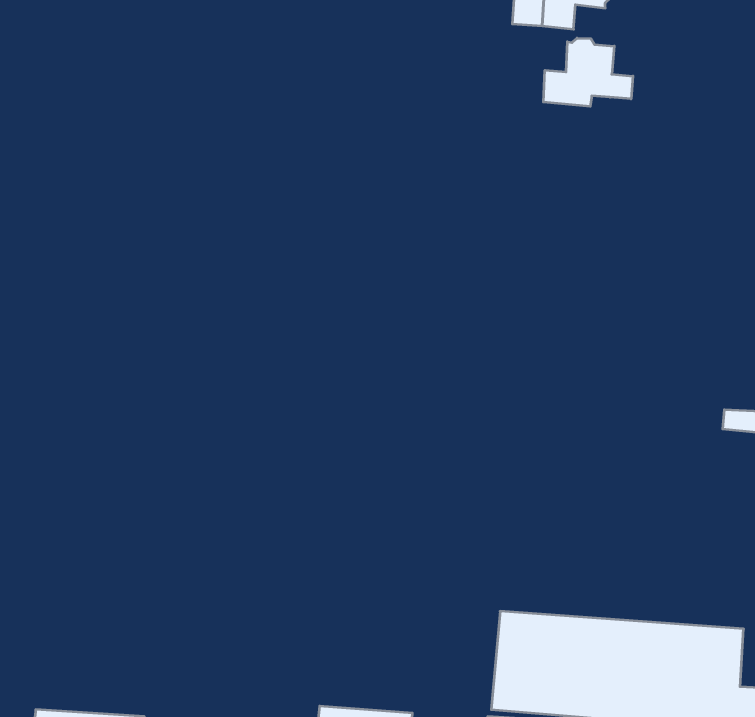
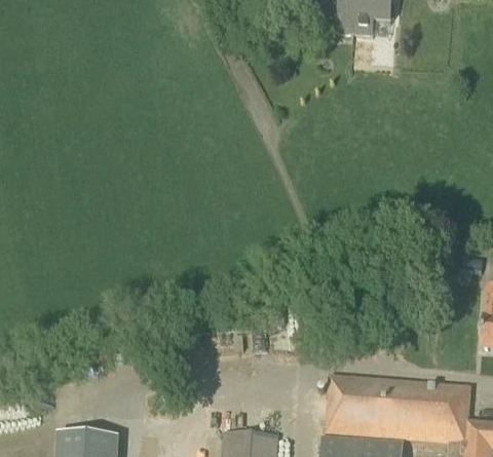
building: [543,38,633,106] -> none

